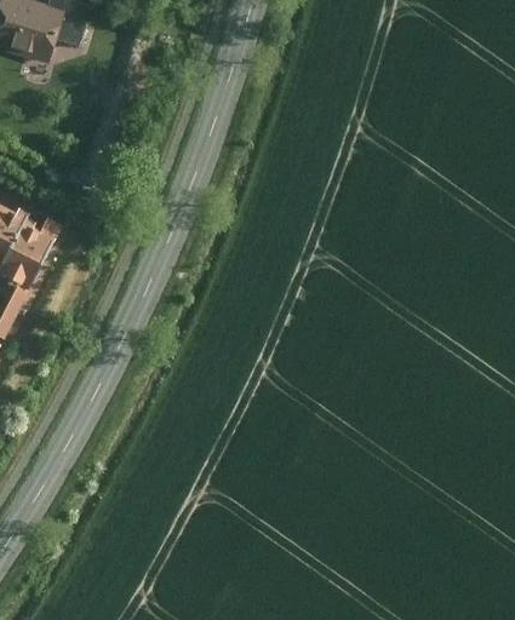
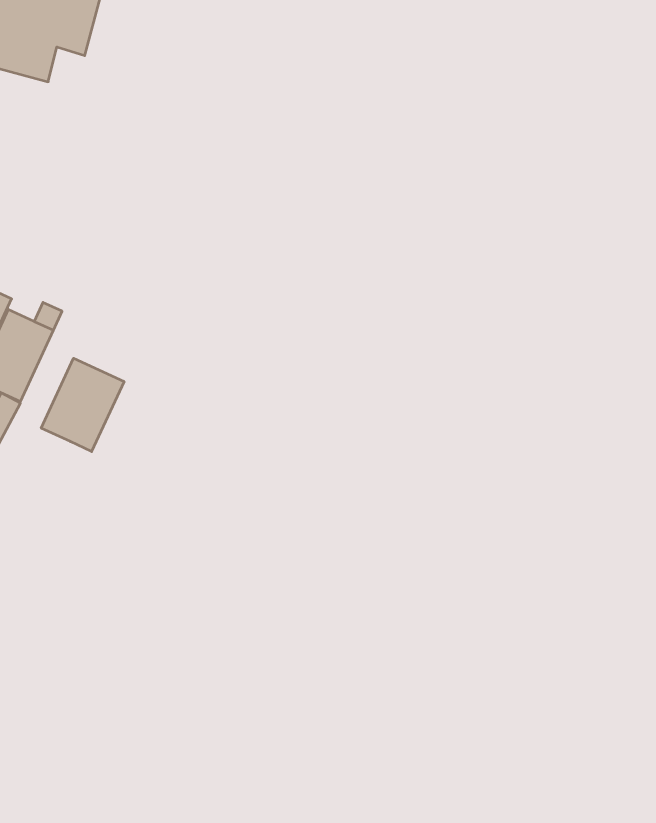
building: none -> [41,358,124,452]

